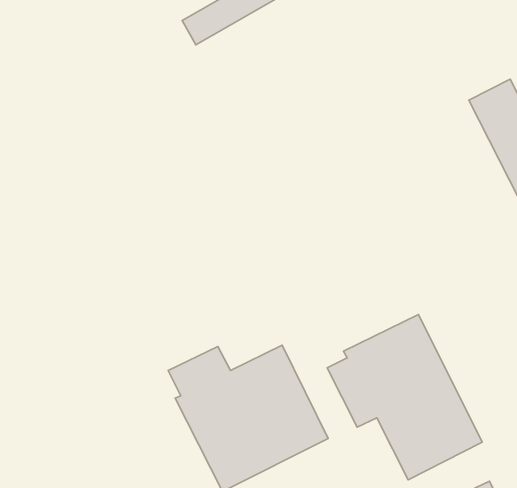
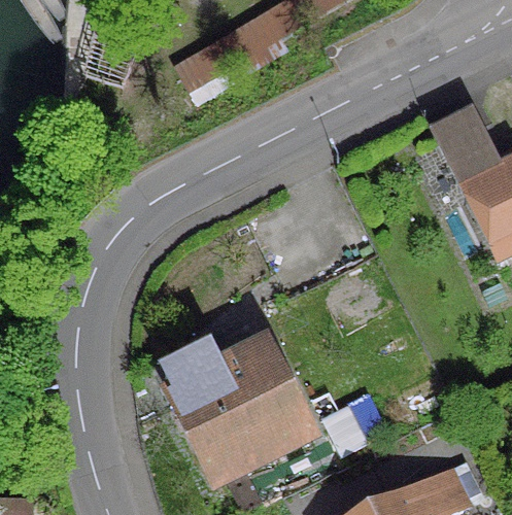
building: [327,315,482,480] -> none

